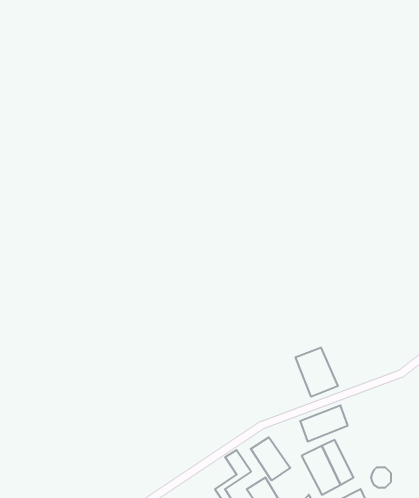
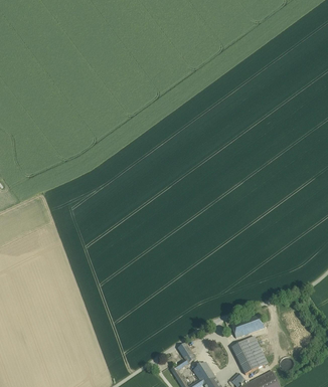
building: [296,348,338,397] -> none
building: [251,437,290,480] -> none

